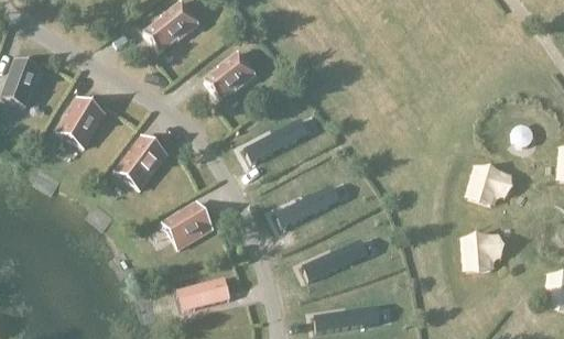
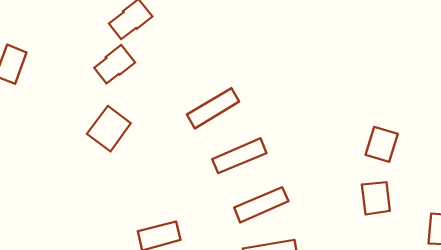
building: [204,51,256,99] -> [94,45,135,84]
building: [57,97,104,146] -> none
building: [163,201,216,252] -> none

